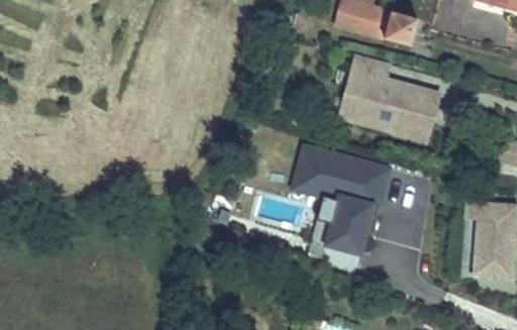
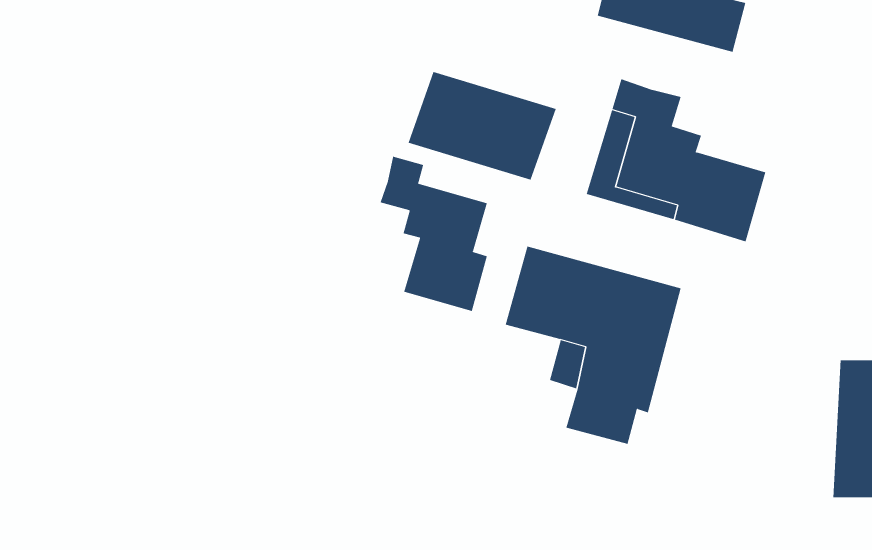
building: none -> [408,71,556,181]
building: none -> [380,156,488,312]

